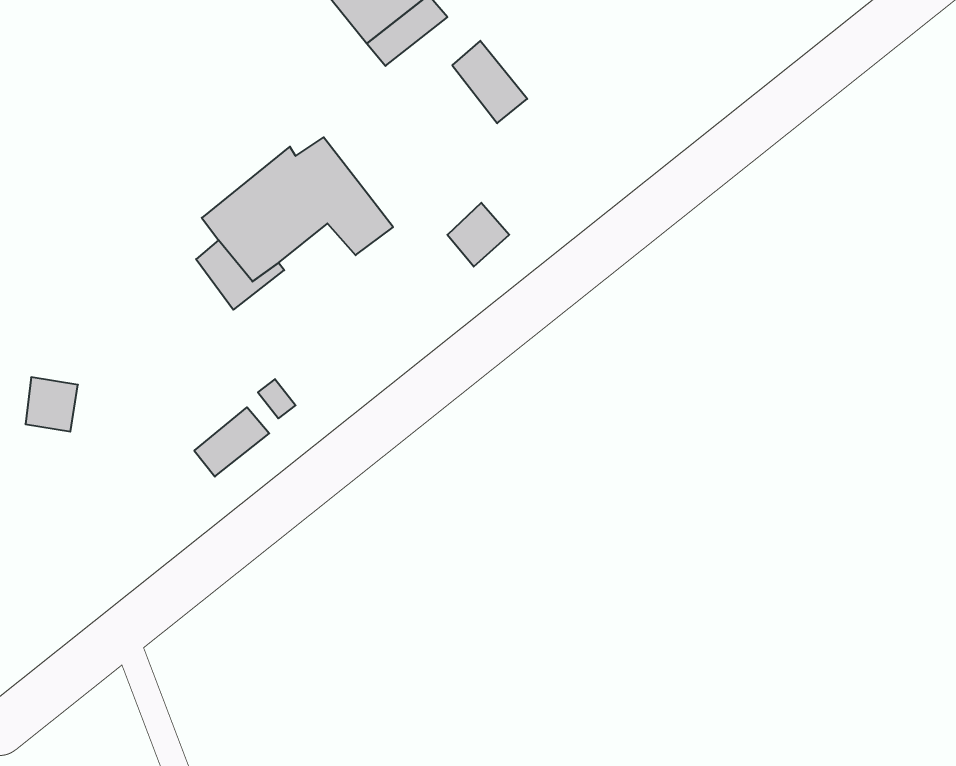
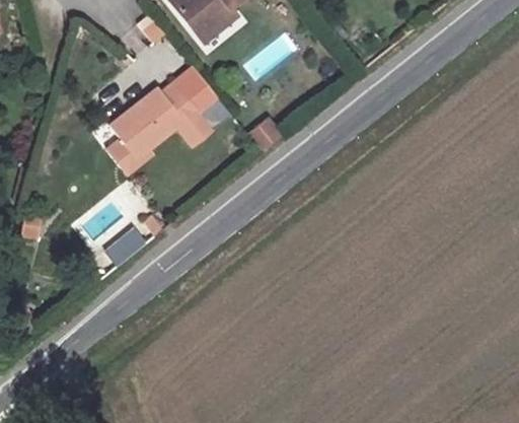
building: [452,41,527,123] -> [175,68,216,113]

